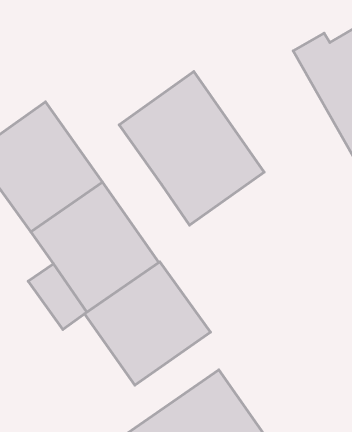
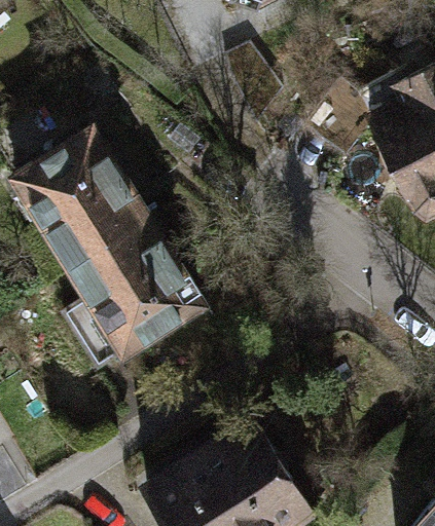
building: [119,72,264,225] -> none
building: [85,262,210,385] -> none

